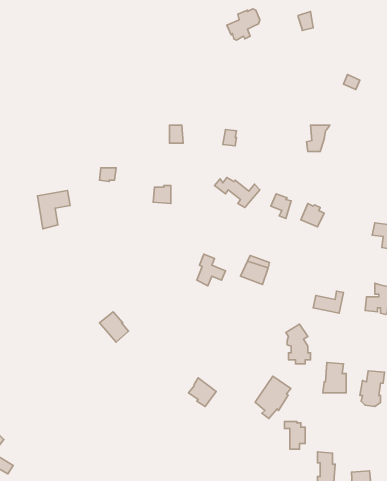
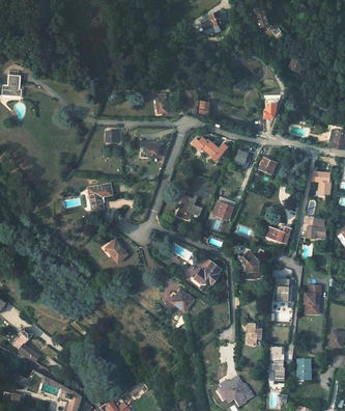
building: [37,190,70,229] -> [87,184,112,213]
building: [255,376,291,419] -> [194,259,221,292]

